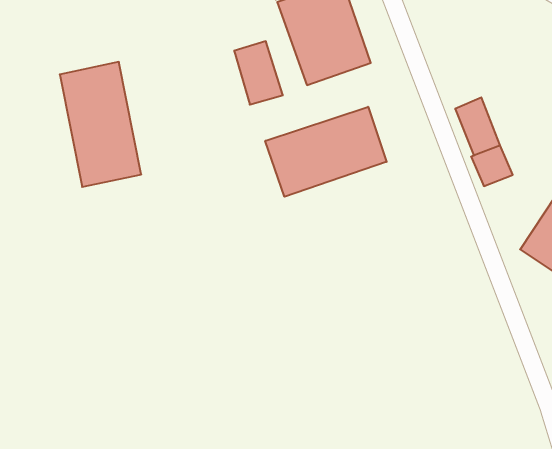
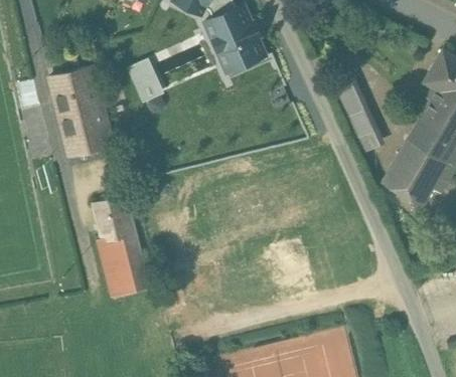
building: [234,41,283,105] -> [129,57,165,103]
building: [265,107,387,197] -> none
building: none -> [94,196,148,296]

